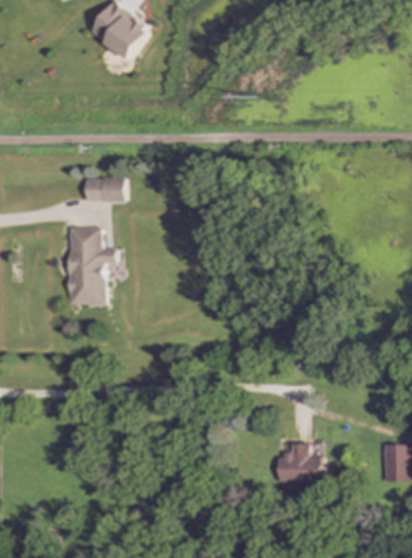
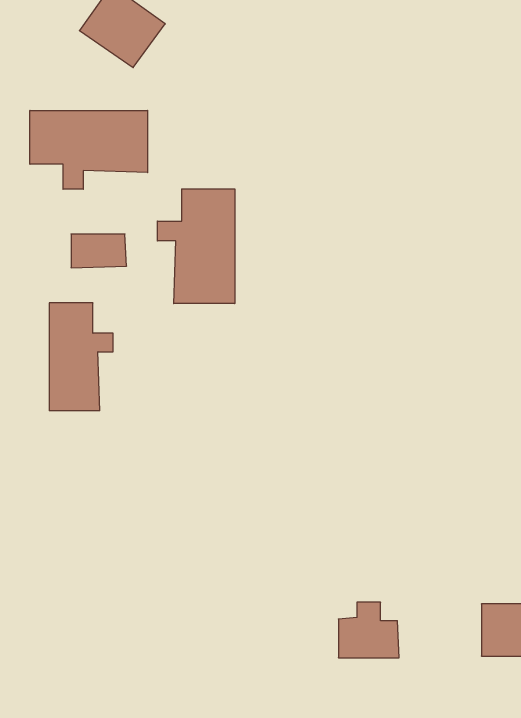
building: none -> [30,110,148,189]
building: none -> [157,189,235,304]

